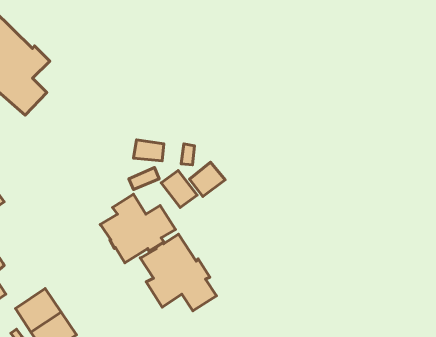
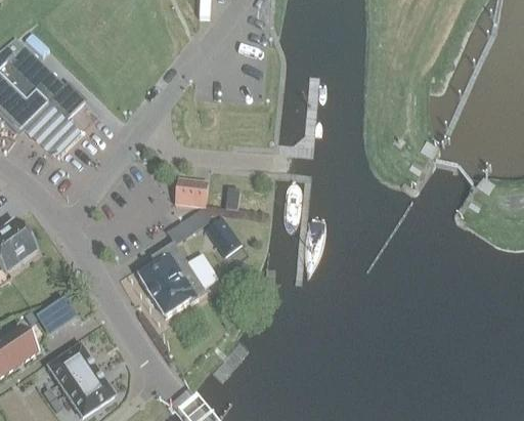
building: [190,162,225,197] -> none
building: [140,234,217,311] -> none
building: none -> [36,299,67,330]

